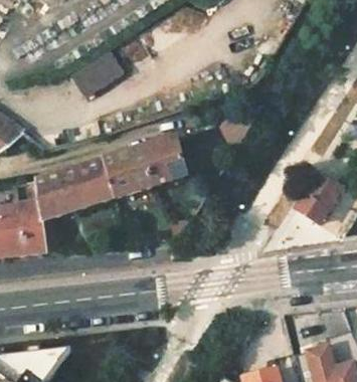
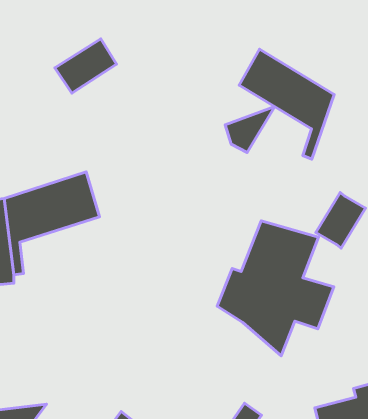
building: none -> [239,49,334,159]
building: [103,138,187,197] -> none
building: none -> [217,221,334,356]

